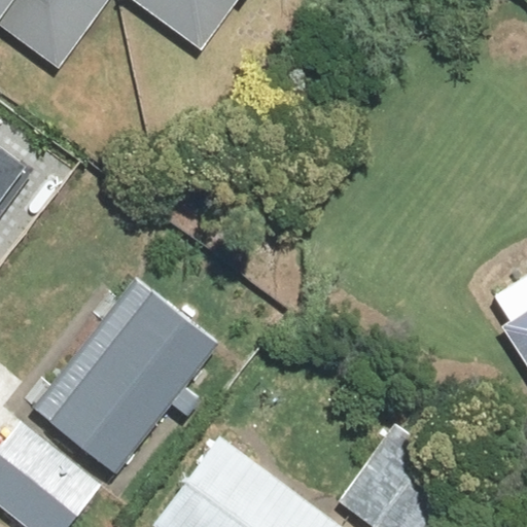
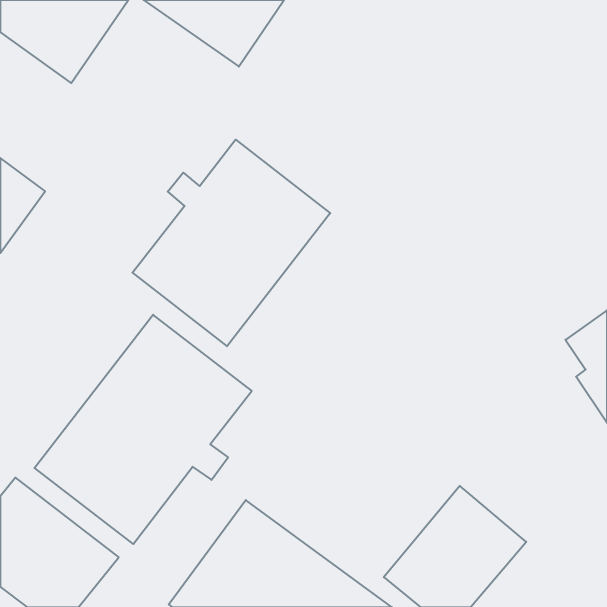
building: none -> [132,140,330,346]

